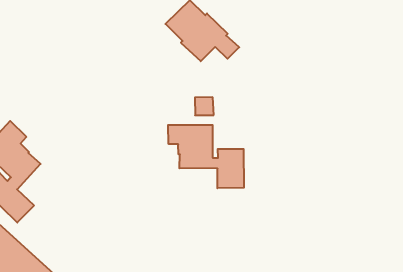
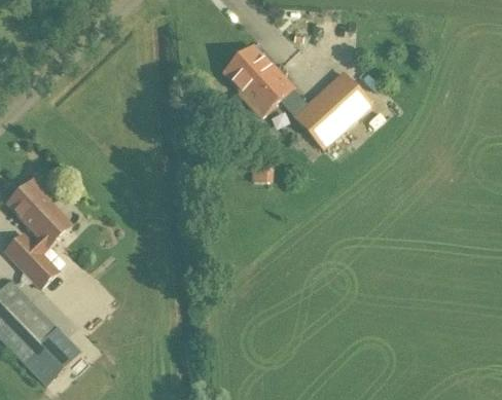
building: none -> [292,70,372,148]
building: [168,125,244,188] -> none

